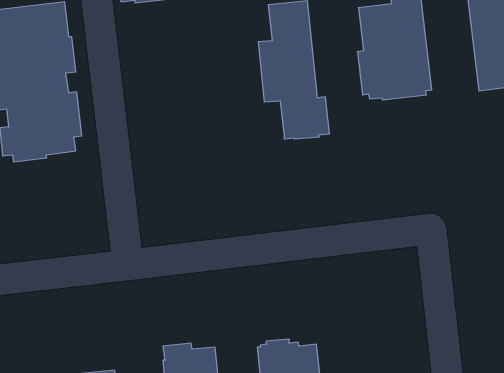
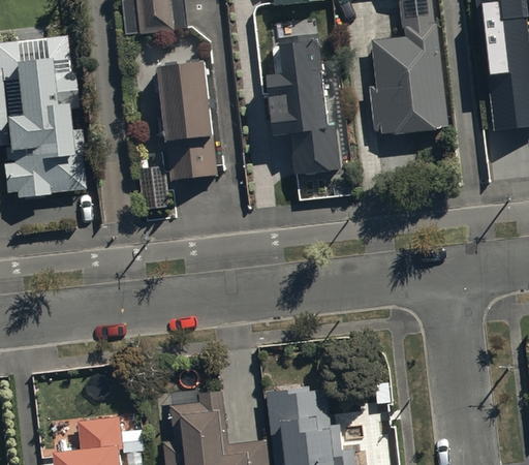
building: none -> [155,60,218,177]

